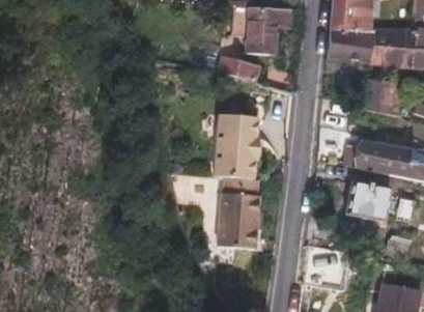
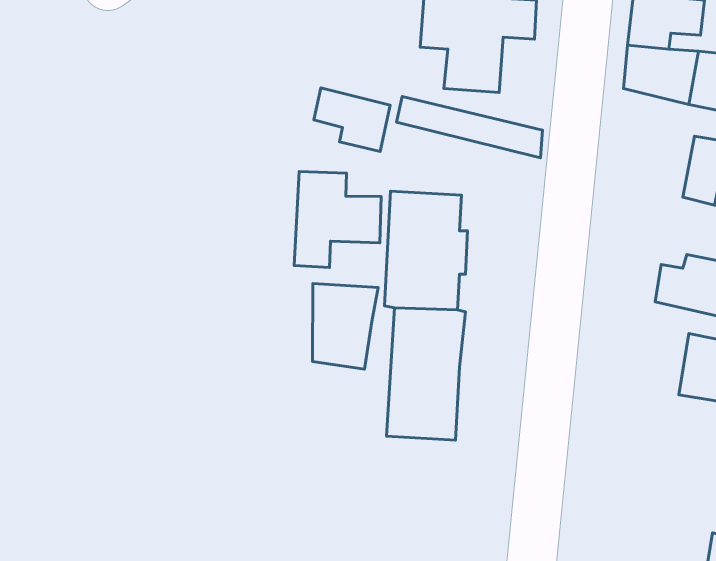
building: none -> [314,88,390,151]
building: none -> [294,172,381,267]
building: none -> [312,283,378,369]

